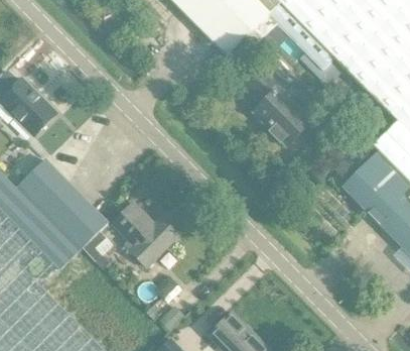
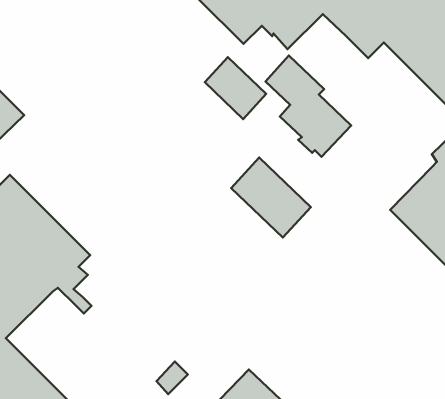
building: none -> [205,57,266,119]
building: none -> [231,158,311,238]
building: [112,203,177,266] -> none

